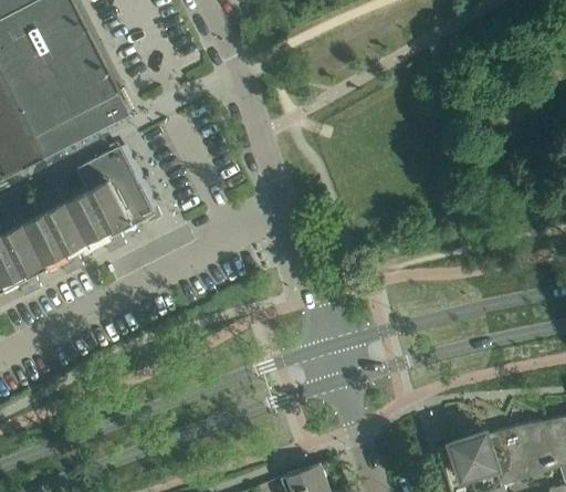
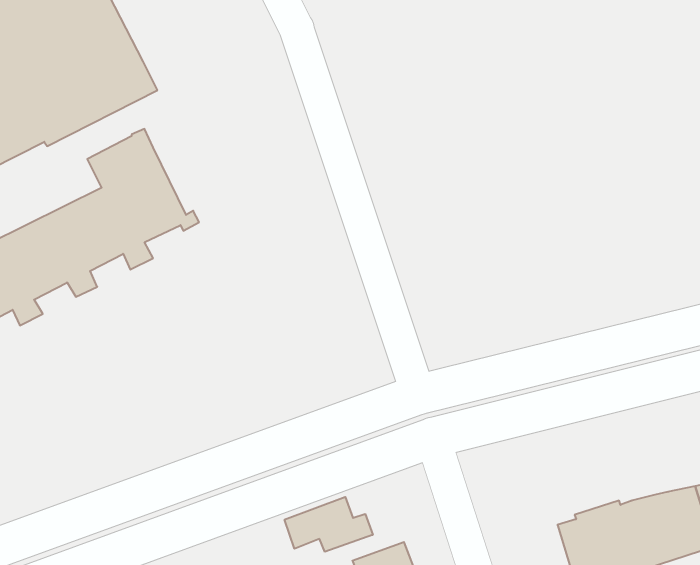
building: none -> [285,497,373,552]

